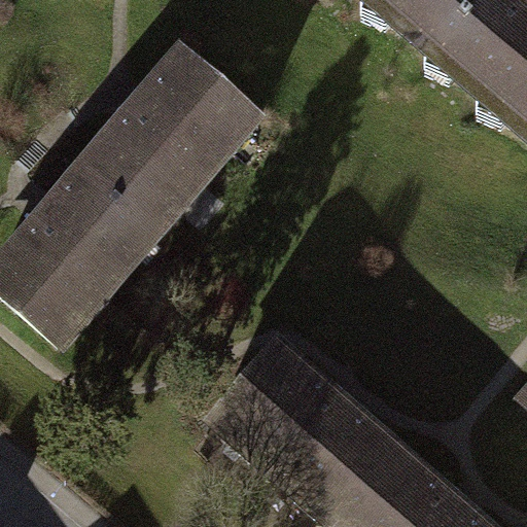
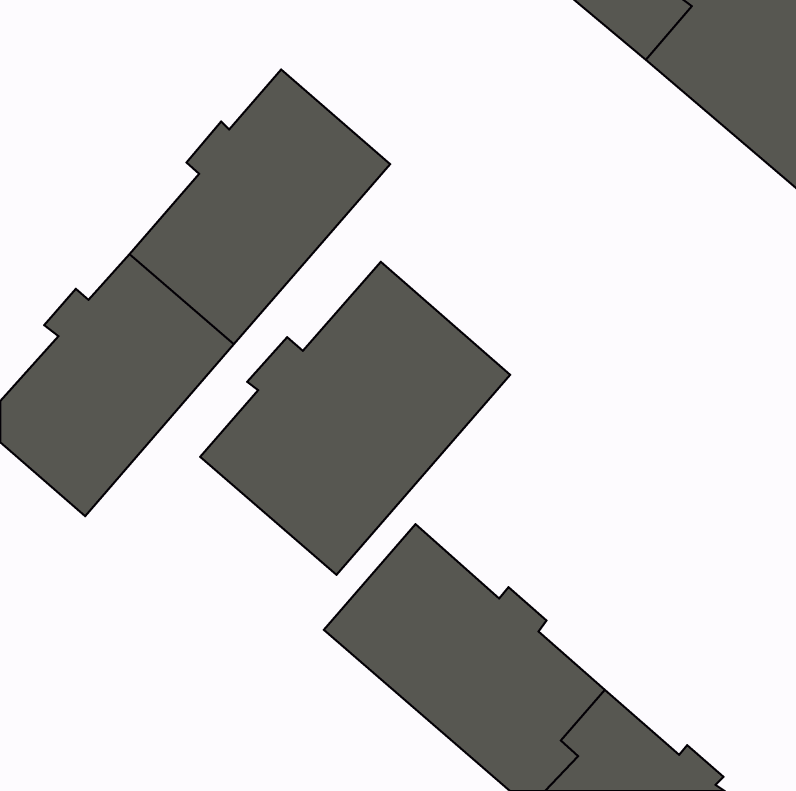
building: none -> [200,262,510,575]

